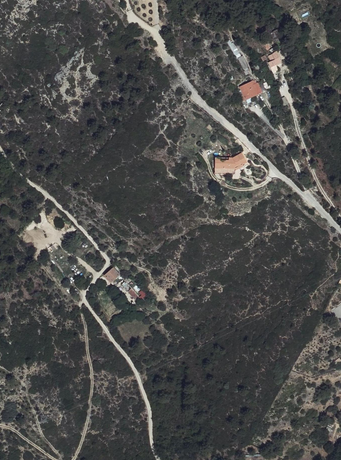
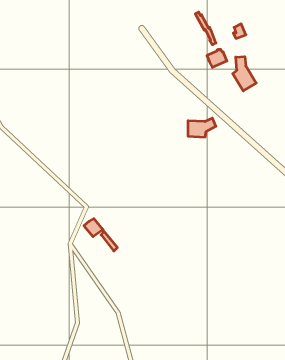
building: none -> [233,57,256,91]

